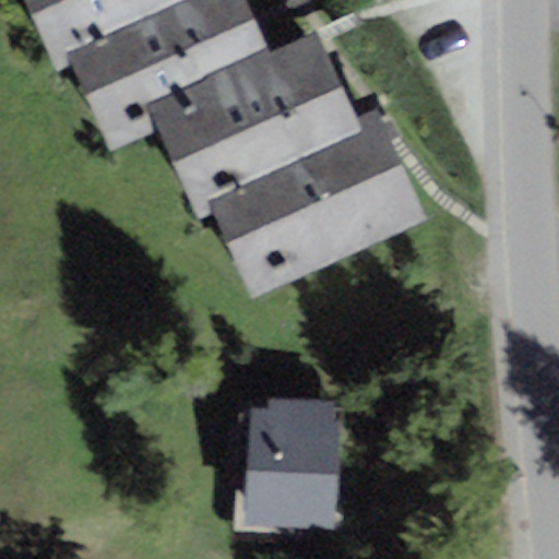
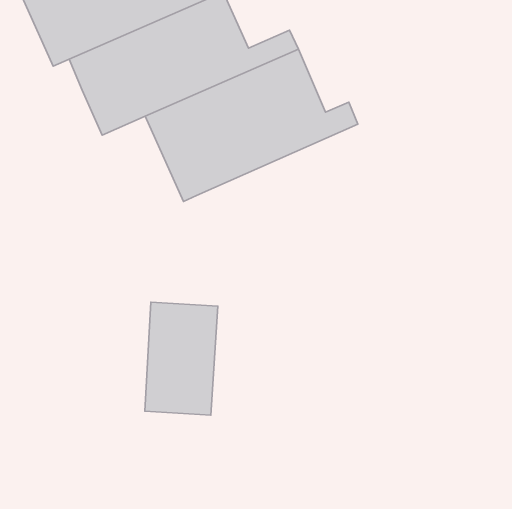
building: [214,135,428,298] -> none
building: [254,400,334,523] -> [145,302,218,415]

